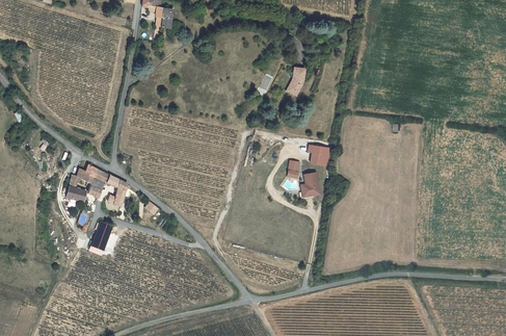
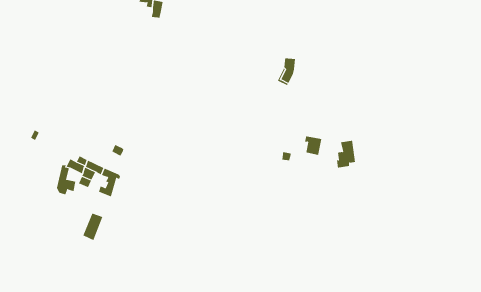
building: [301,172,321,200] -> [336,140,356,168]

